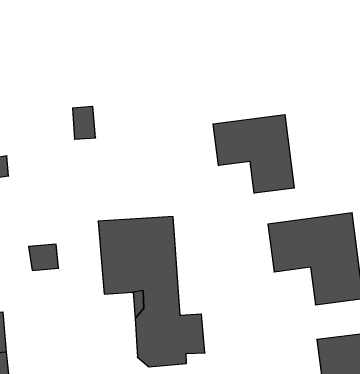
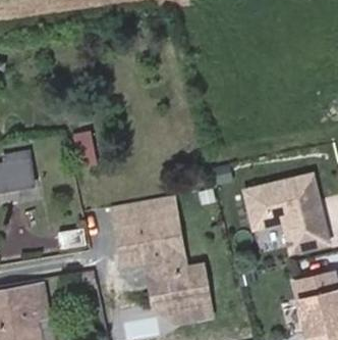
building: [213,115,294,193] -> none

